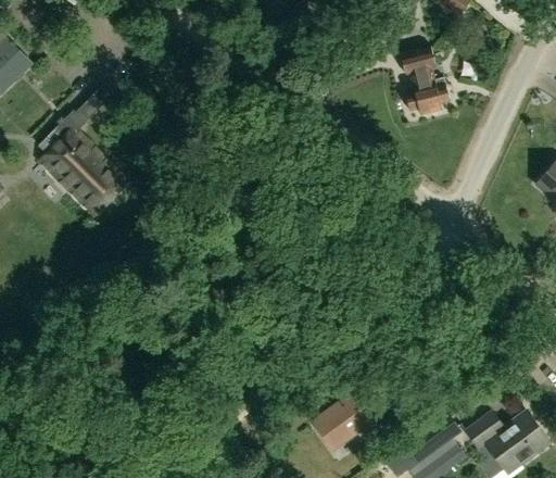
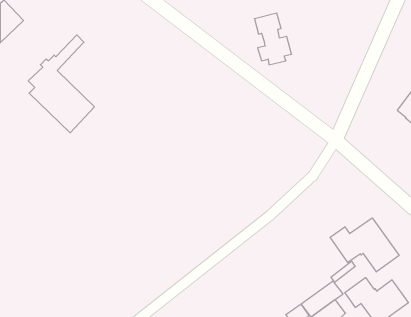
building: [400,47,450,116] -> [254,13,292,65]
building: none -> [330,218,399,272]
building: [314,398,376,450] -> none

